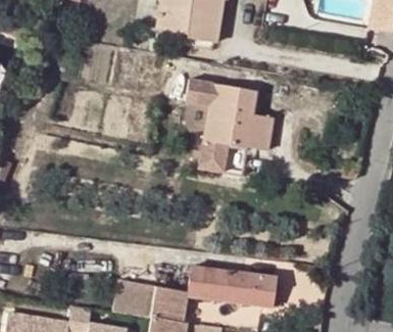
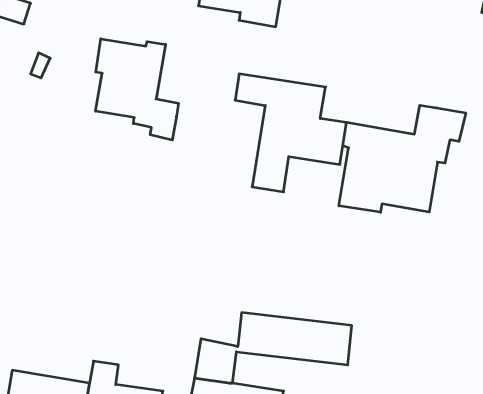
building: none -> [96,39,178,140]
building: none -> [339,105,466,212]
building: [111,279,158,317] -> none

